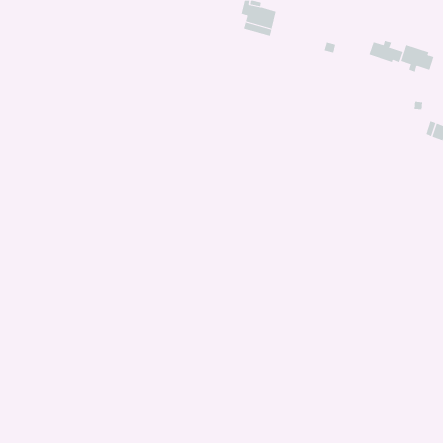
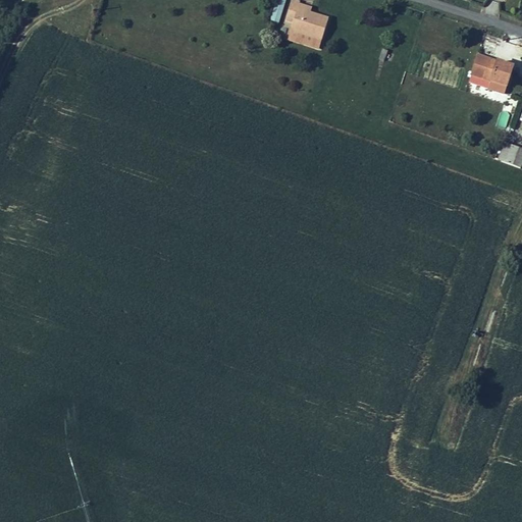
building: [369,40,403,63] -> none

